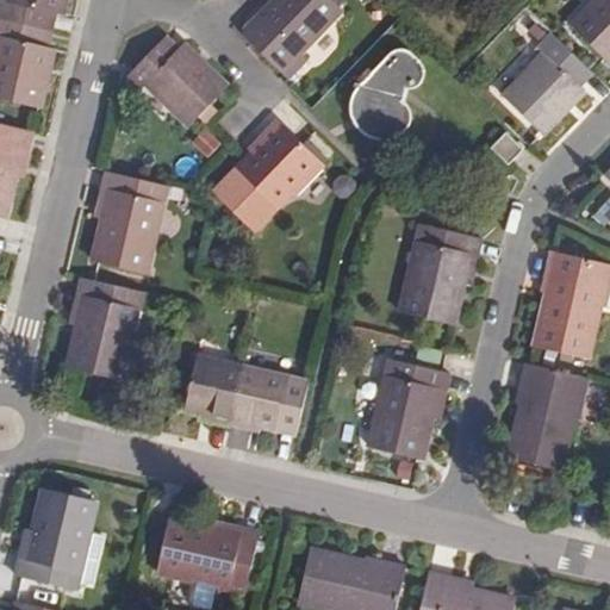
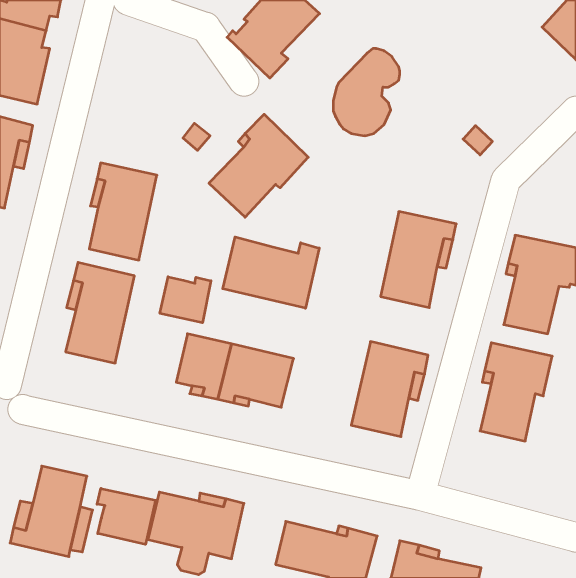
building: [504,35,592,136] -> none
building: [126,37,228,127] -> none
building: none -> [223,237,319,308]
building: none -> [160,277,211,323]
building: none -> [97,488,156,544]

